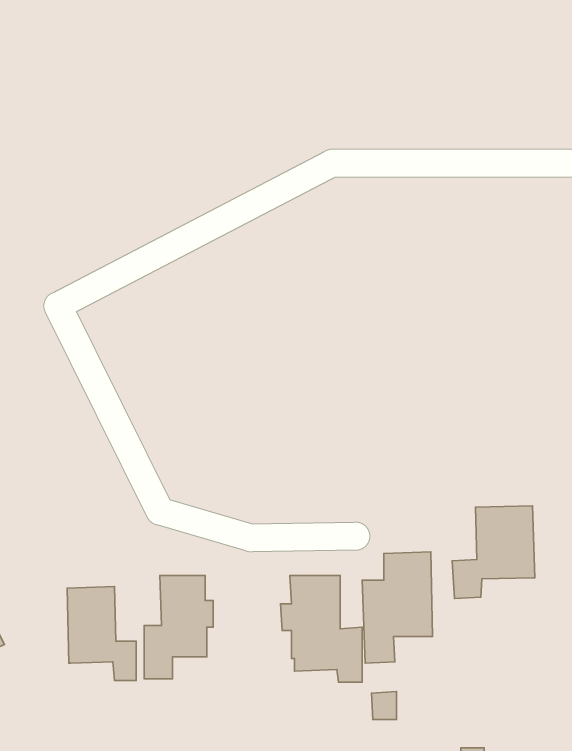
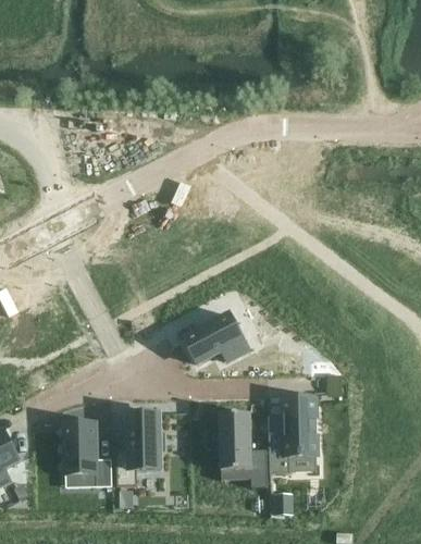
building: none -> [183,313,248,363]
building: [452,506,535,598] -> none

